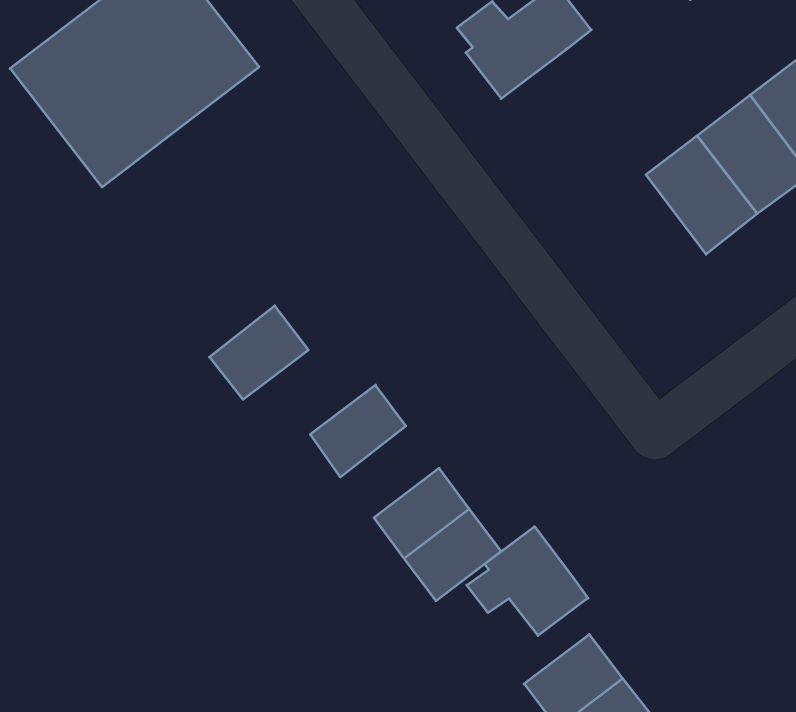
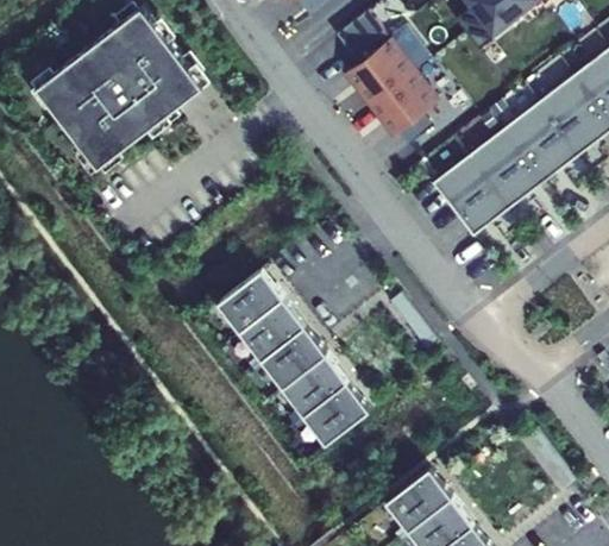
building: none -> [366,74,434,148]
building: none -> [428,158,504,239]
building: [209,306,308,399] -> [215,270,282,333]
building: none -> [258,327,325,389]
building: [467,527,588,636] -> none

